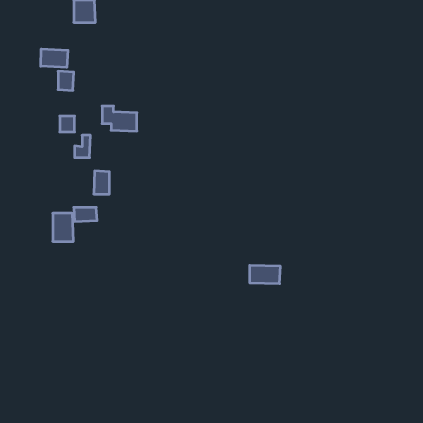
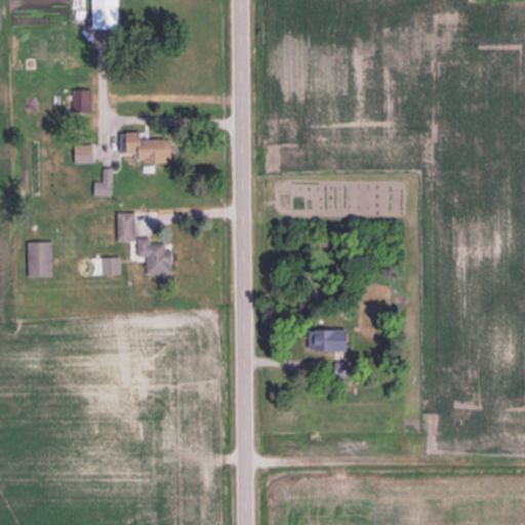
building: [41,49,68,67] -> none
building: none -> [137,238,171,275]
building: [53,213,73,241] -> [28,242,53,277]

